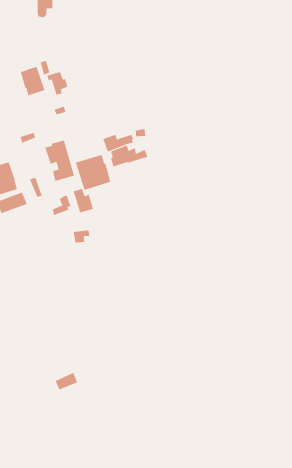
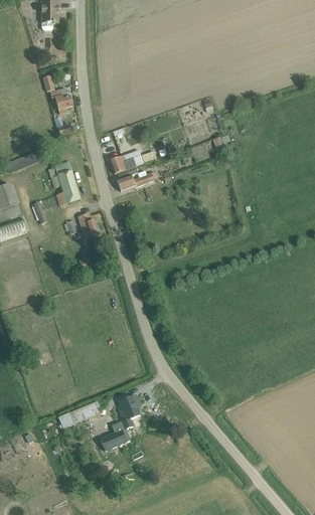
building: [20,66,45,96] -> none
building: [75,154,111,191] -> none
building: none -> [100,393,139,449]

